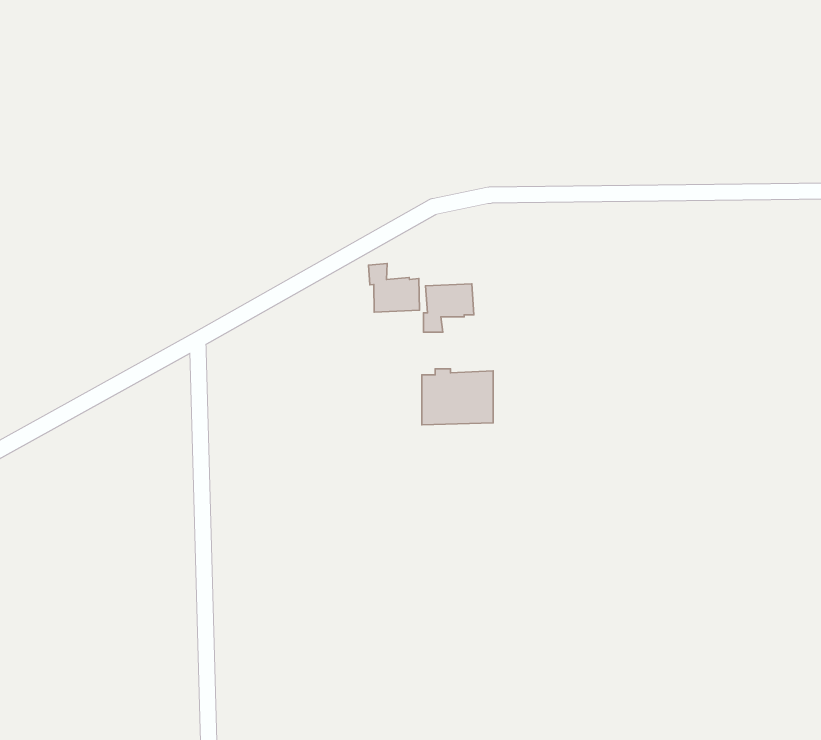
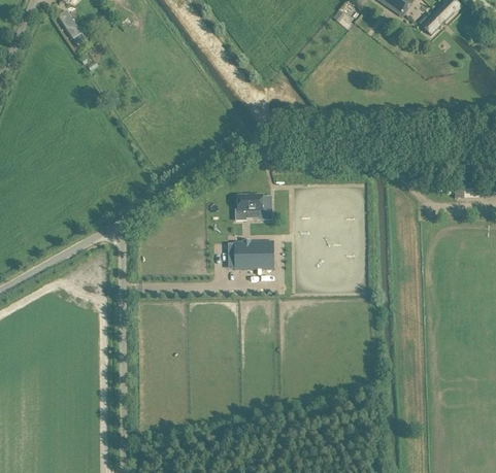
building: [368,263,419,312] -> none

